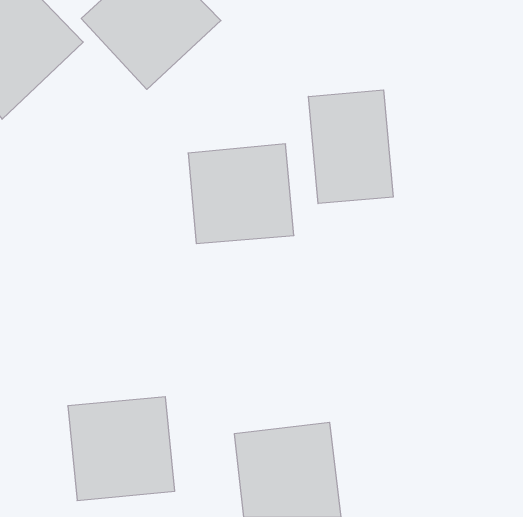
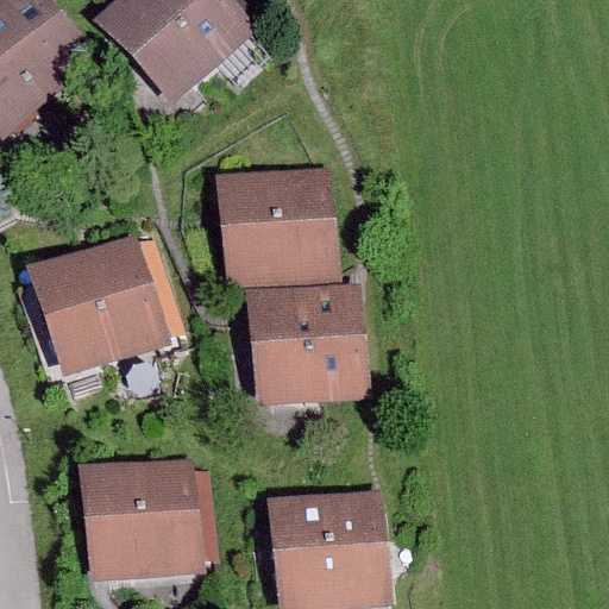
building: [308,90,393,204] -> none
building: none -> [29,234,170,377]
building: none -> [252,287,371,406]

